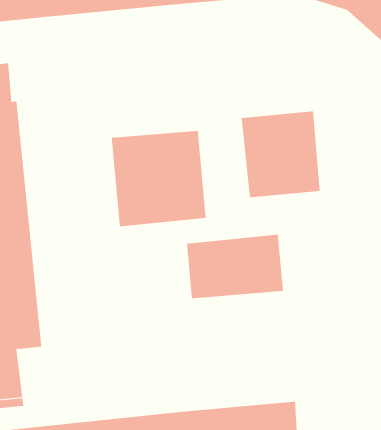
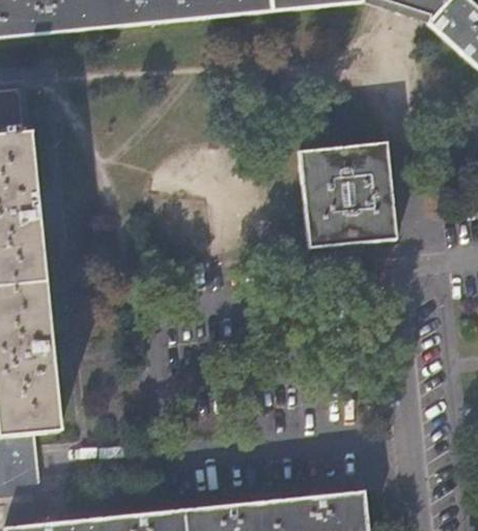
building: [111,130,206,227] -> none
building: [187,234,284,299] -> none

